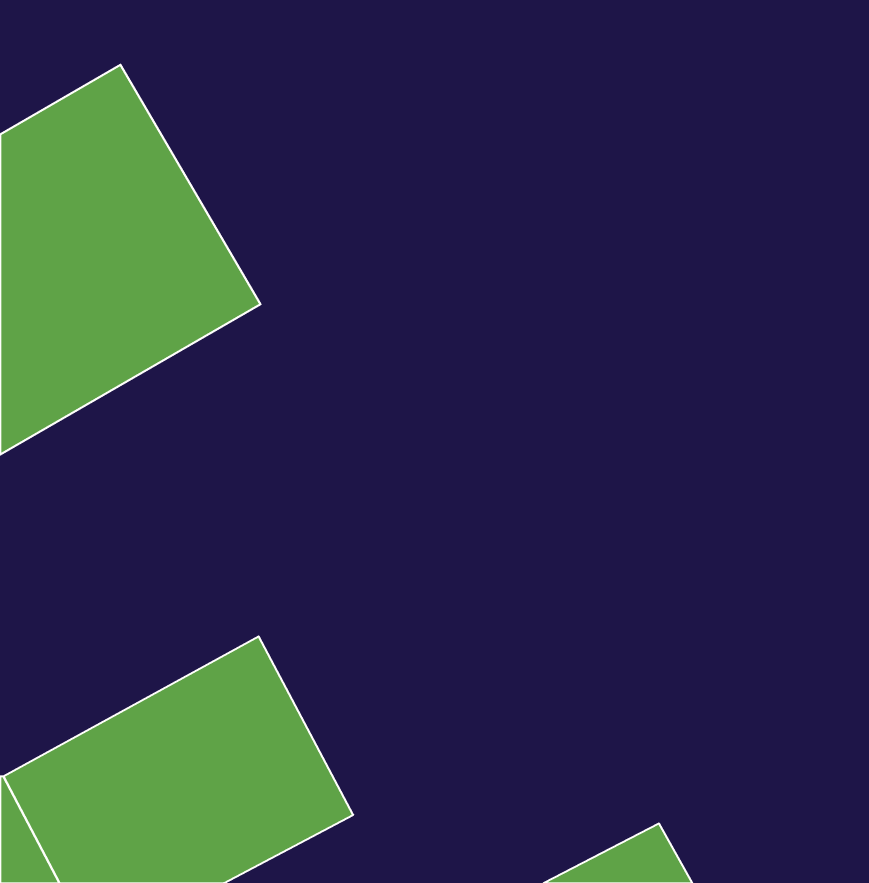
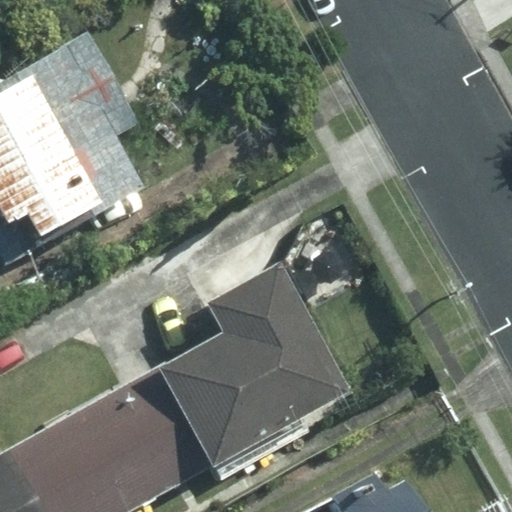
building: none -> [162,270,344,466]

